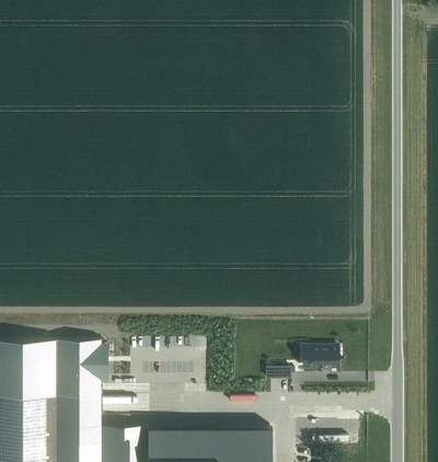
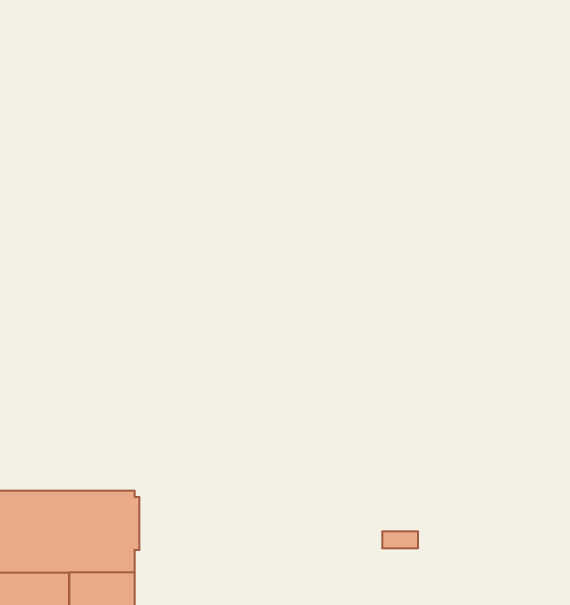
building: [311,348,338,371] -> none

